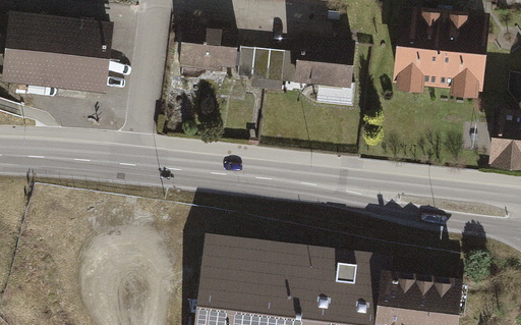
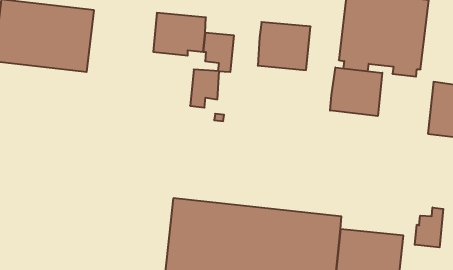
building: [267,51,299,94] -> [190,69,219,108]
building: none -> [330,67,382,116]
building: none -> [415,207,443,247]

